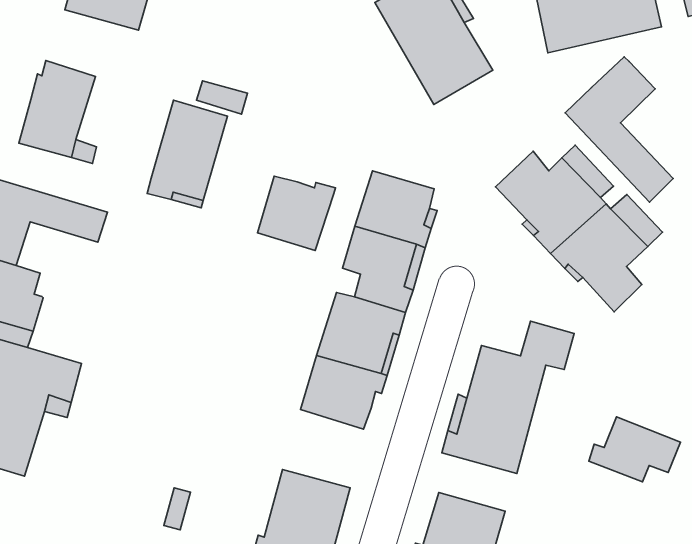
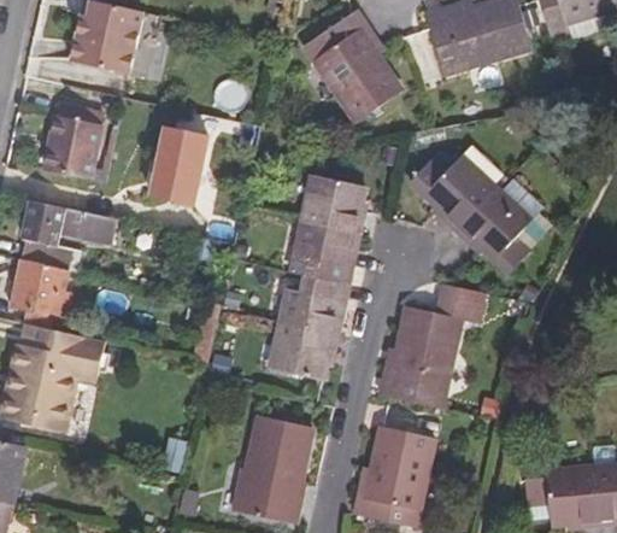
building: [565,57,673,202] -> none
building: [257,176,335,251] -> none
building: [589,417,681,482] -> none

